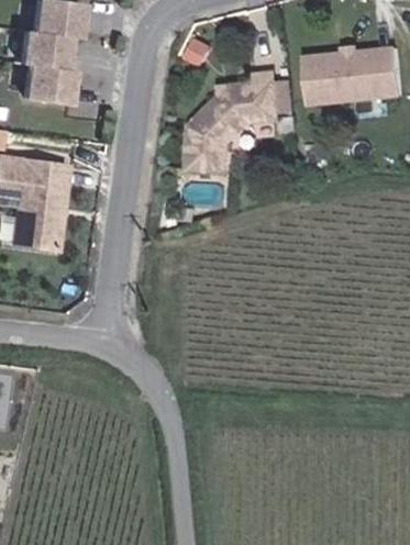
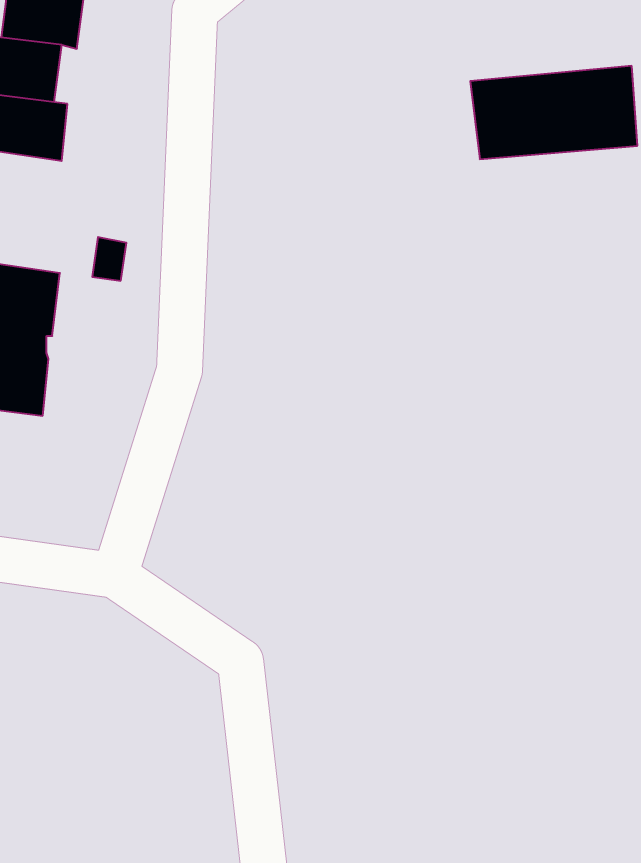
building: [188,80,282,190] -> none

